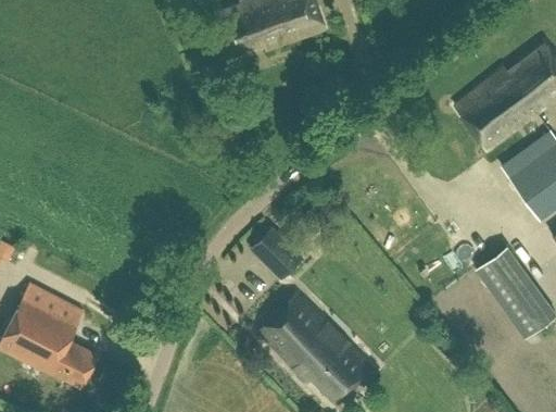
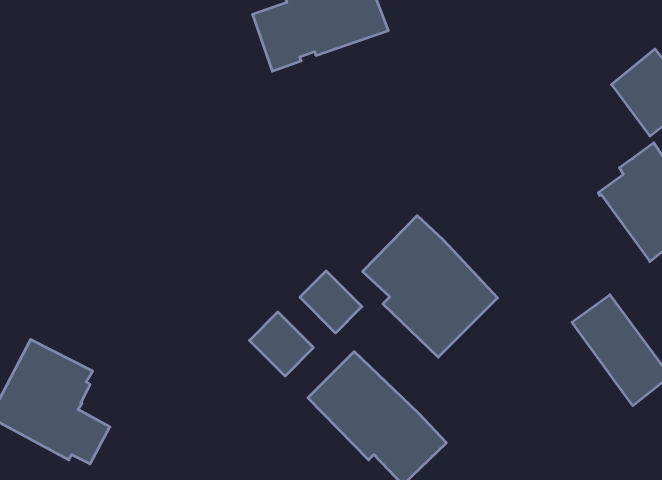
building: [457,70,540,153] -> none
building: none -> [363,216,498,357]
building: none -> [249,312,313,376]

